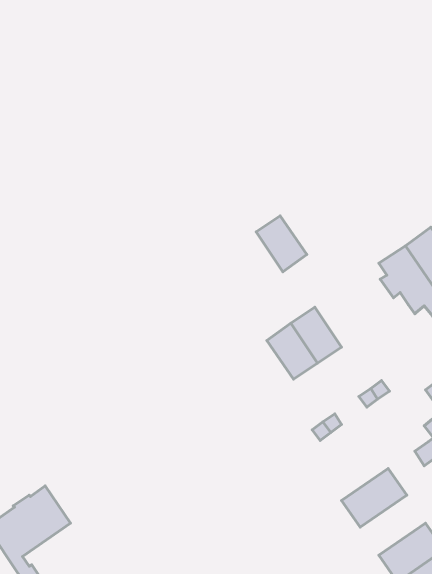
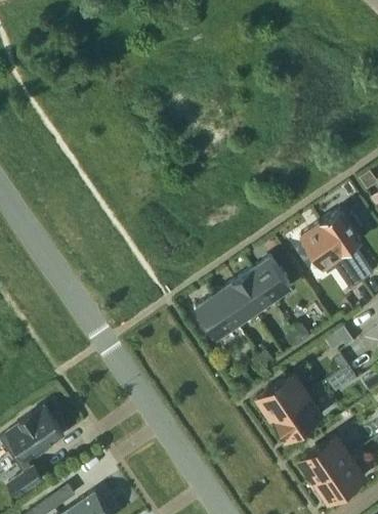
building: [256,216,307,272] -> [251,258,290,301]
building: none -> [196,296,235,339]
building: none -> [257,374,307,419]

